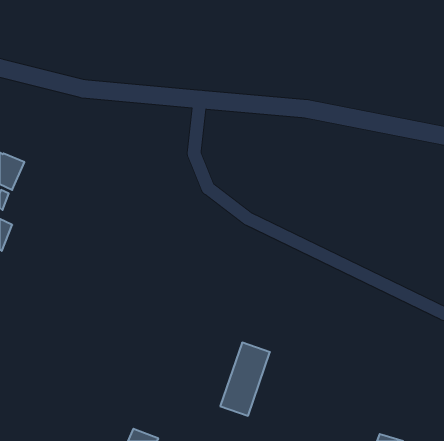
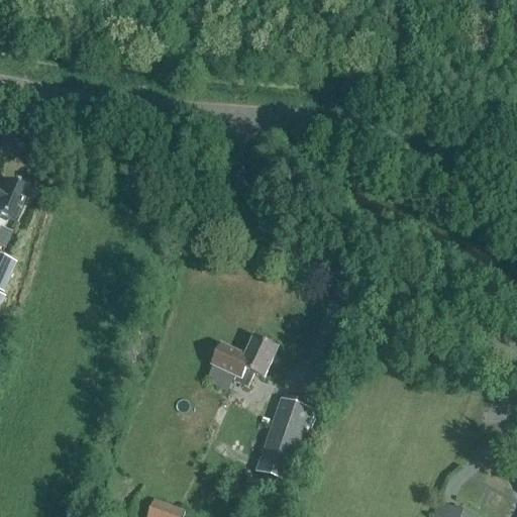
building: none -> [212,335,278,386]

